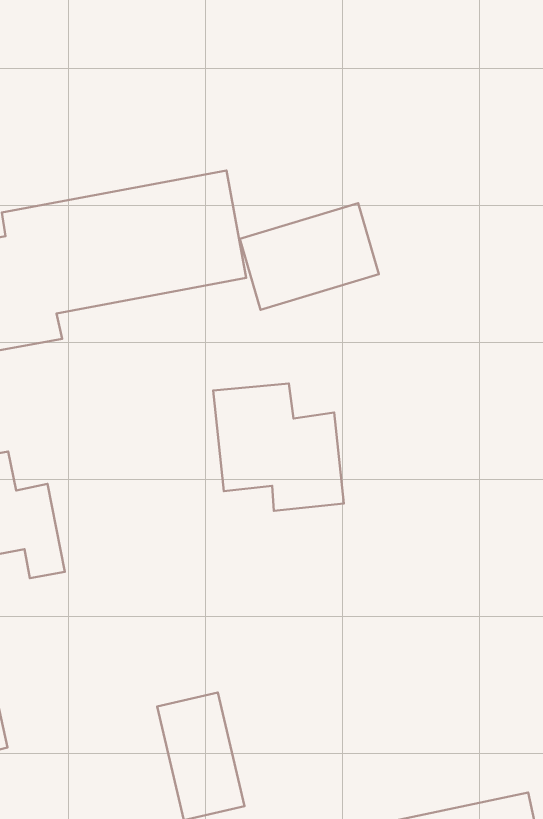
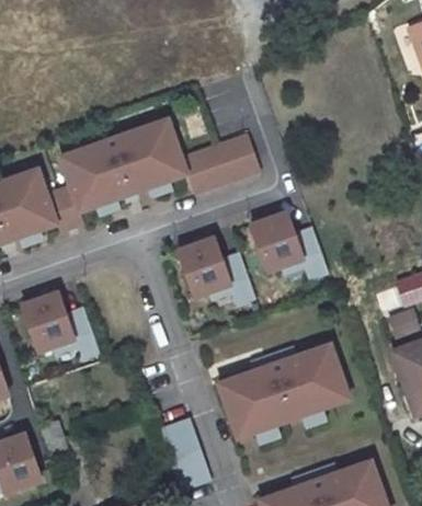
building: none -> [243,207,330,280]
building: none -> [212,343,351,438]

